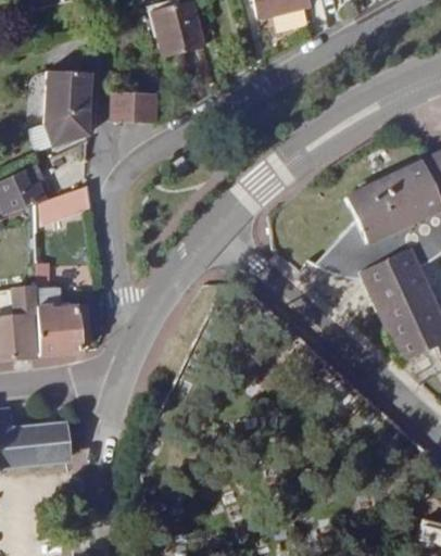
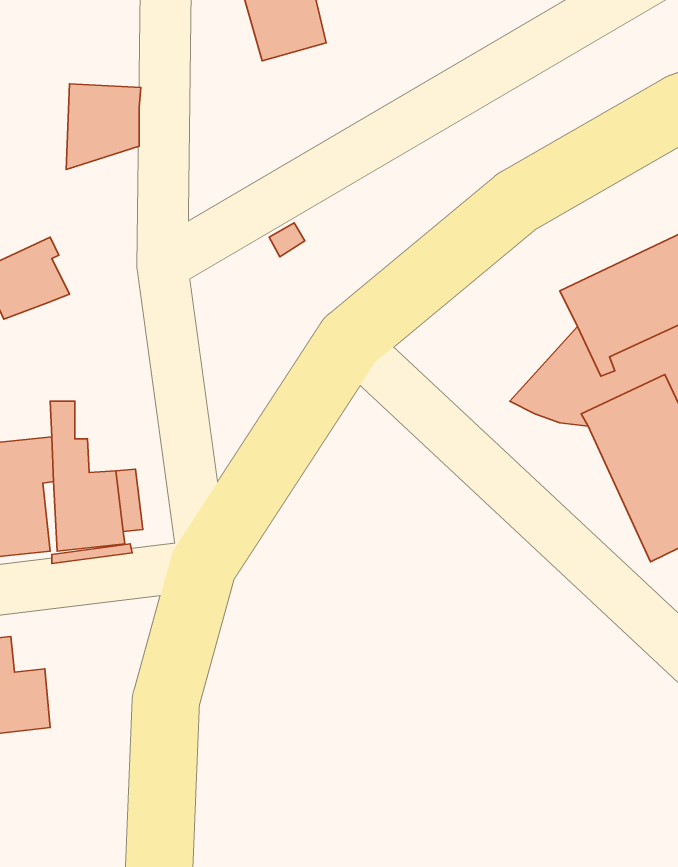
building: [112,83,155,122] -> none
building: [28,109,89,149] -> none
building: [33,185,90,228] -> none
building: [32,424,67,463] -> none

